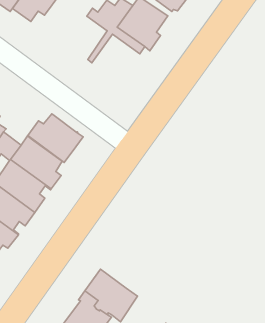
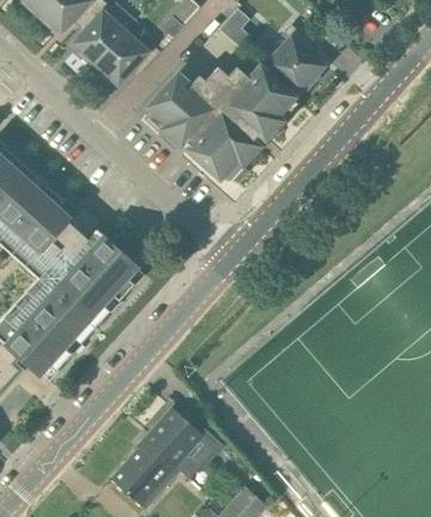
building: none -> [146,73,212,144]
building: none -> [185,110,257,176]
building: [28,114,83,163] -> none

